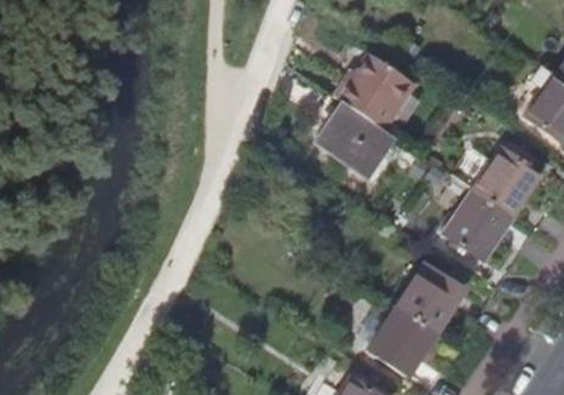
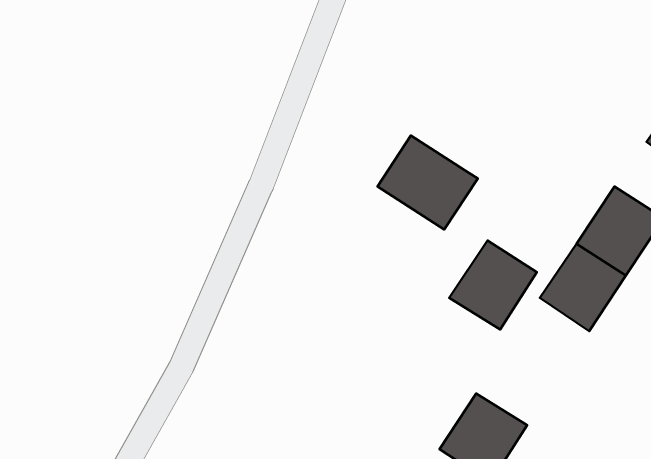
building: [338,58,419,136] -> none
building: [397,262,464,330] -> [449,240,537,330]

